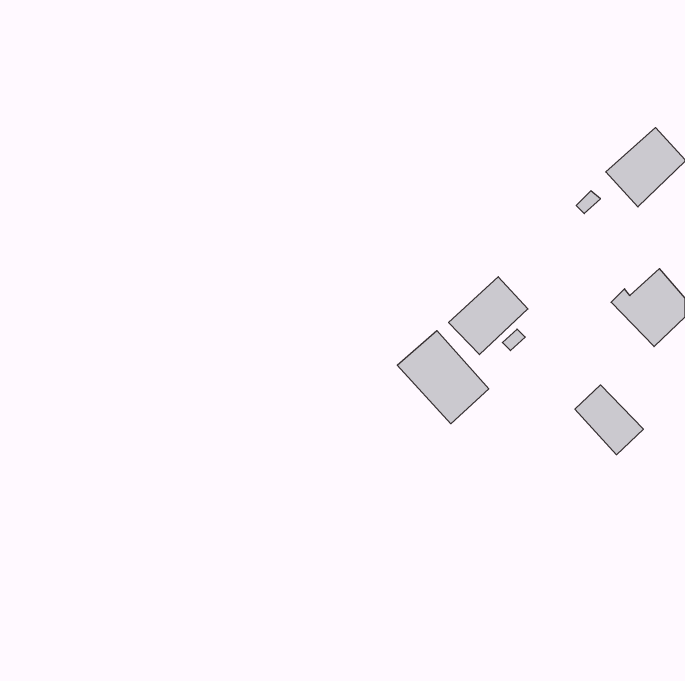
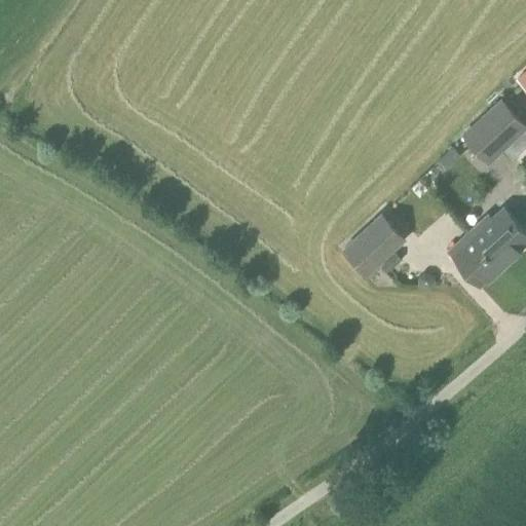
building: [397,331,489,424] -> none
building: [575,385,643,455] -> [448,235,500,289]

